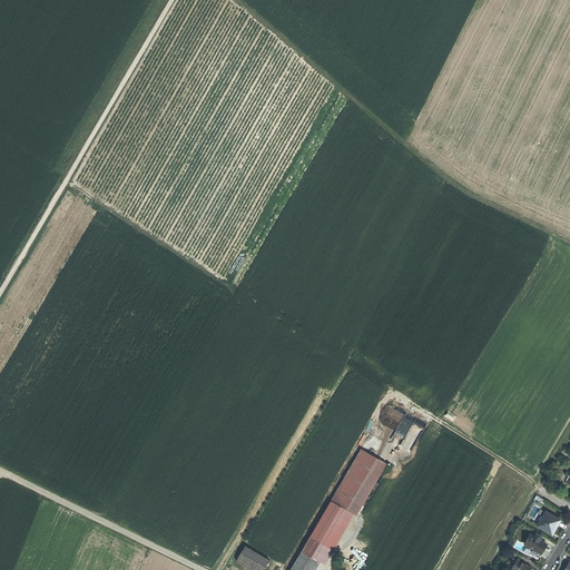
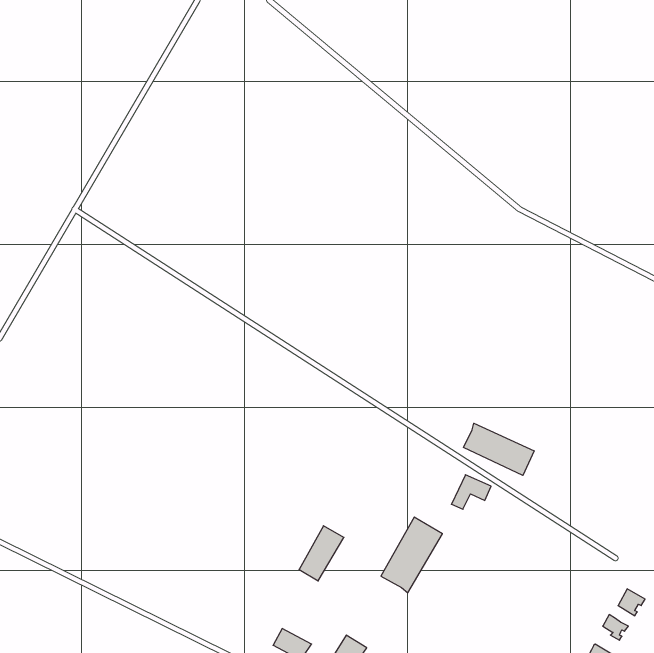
building: none -> [464,423,534,475]
building: [309,502,348,550] -> [299,526,344,581]

